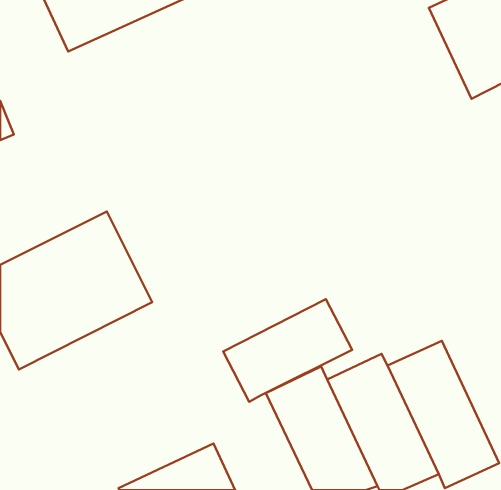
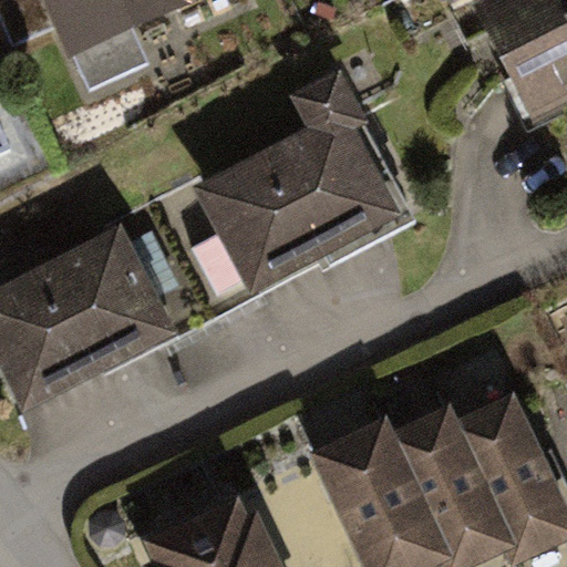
building: none -> [199,117,400,295]
building: [223,299,352,402] -> none

